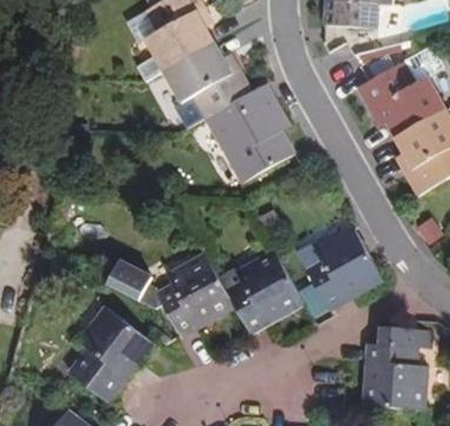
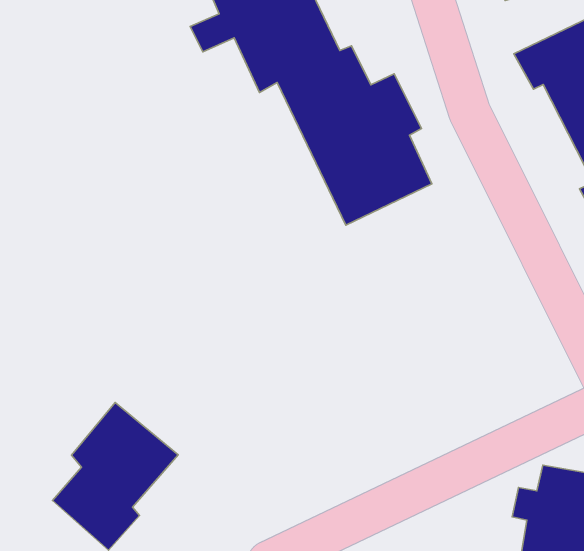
building: [304,227,376,305] -> none
building: [109,250,300,336] -> none

